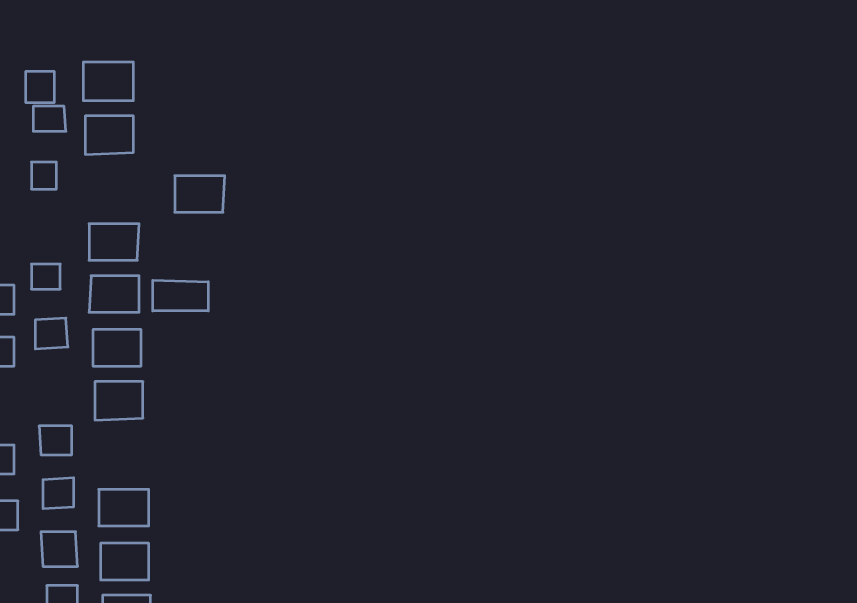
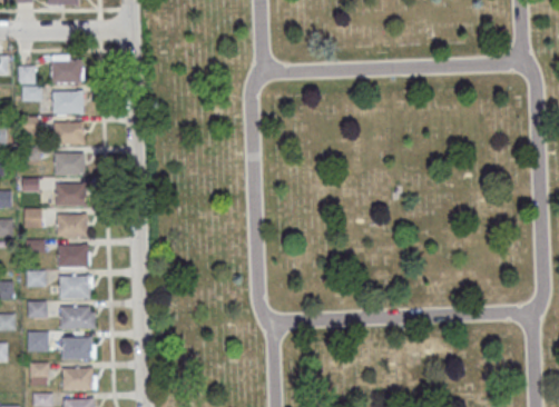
building: [175,176,225,212] -> [55,122,84,143]
building: [153,280,208,311] -> none
building: none -> [60,276,89,298]

